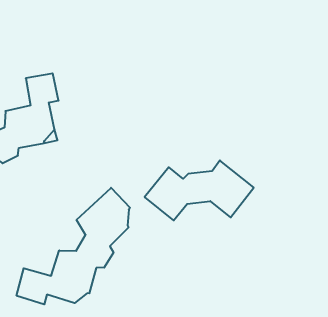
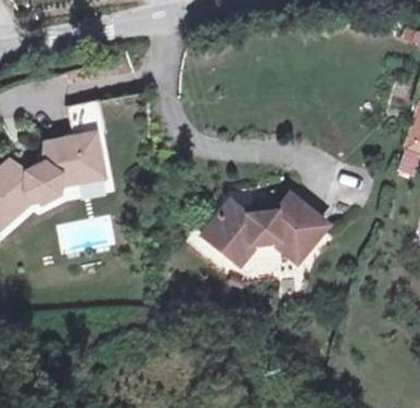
building: [17,188,130,304] -> none

